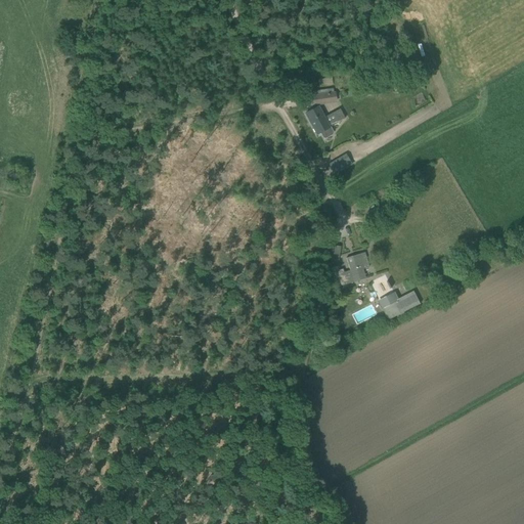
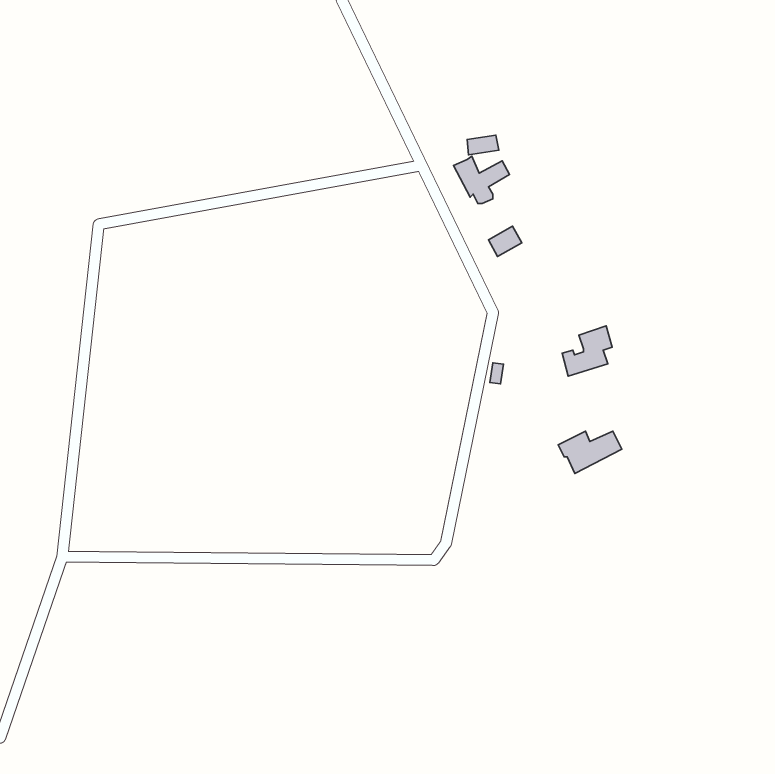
building: [335,252,368,286] -> [562,326,612,376]

